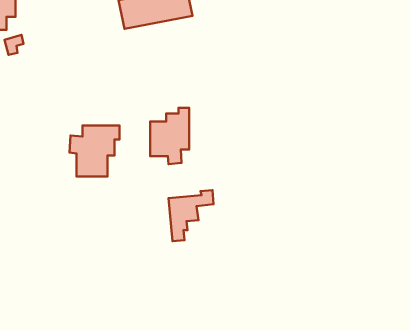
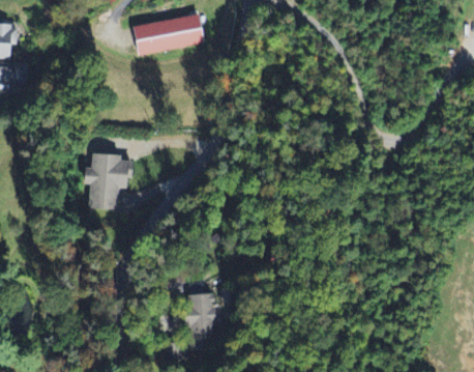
building: [150,108,189,164] -> none
building: [169,190,213,241] -> [186,288,233,341]

